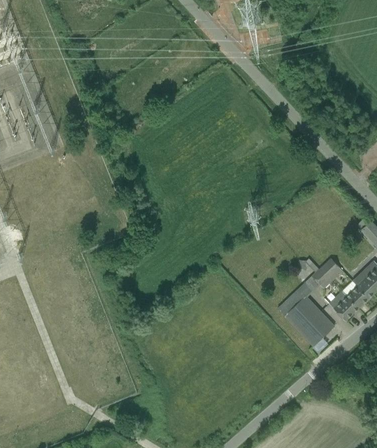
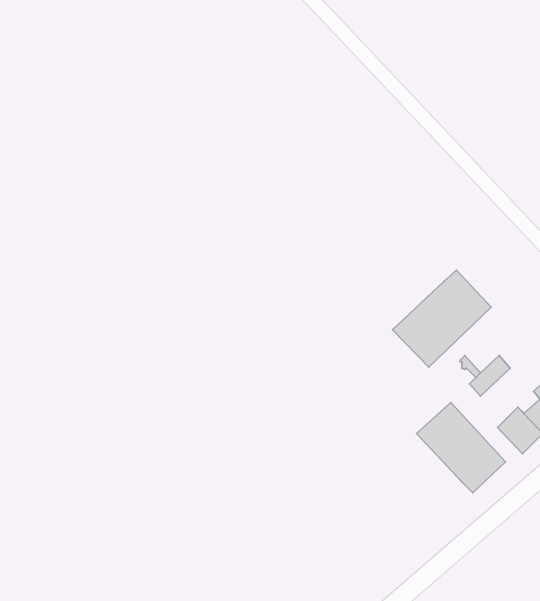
building: none -> [393,270,491,367]

